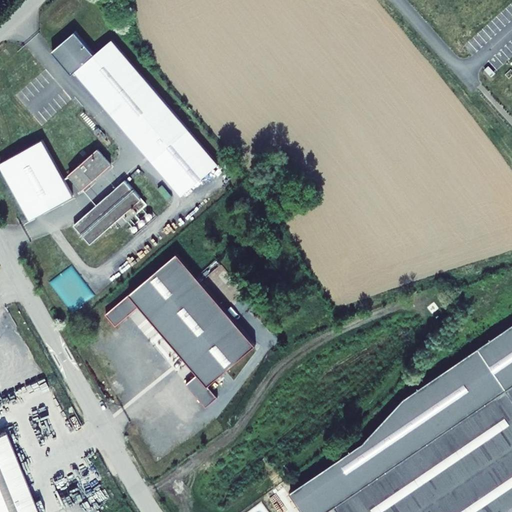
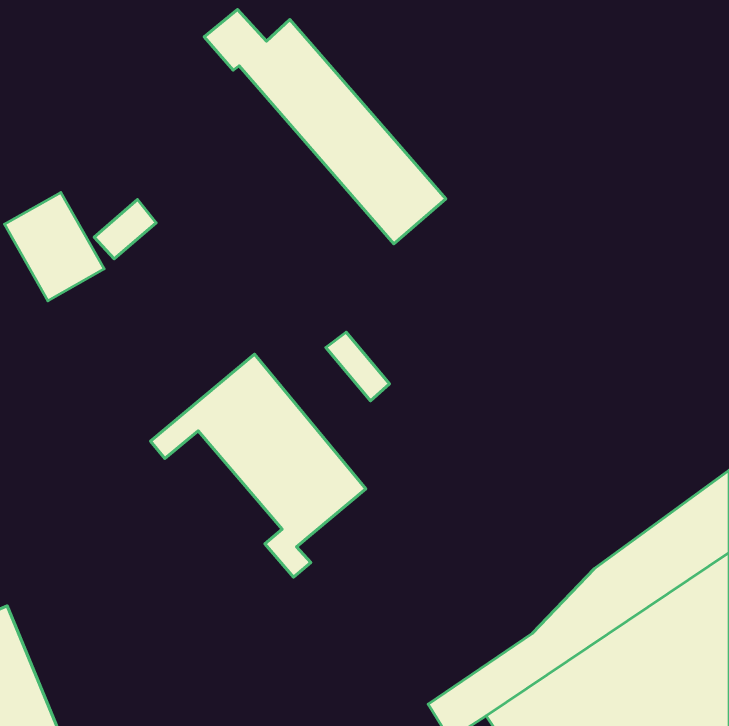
building: [49,32,216,194] -> [204,9,446,244]
building: [69,179,143,244] -> none
building: none -> [326,332,389,401]

